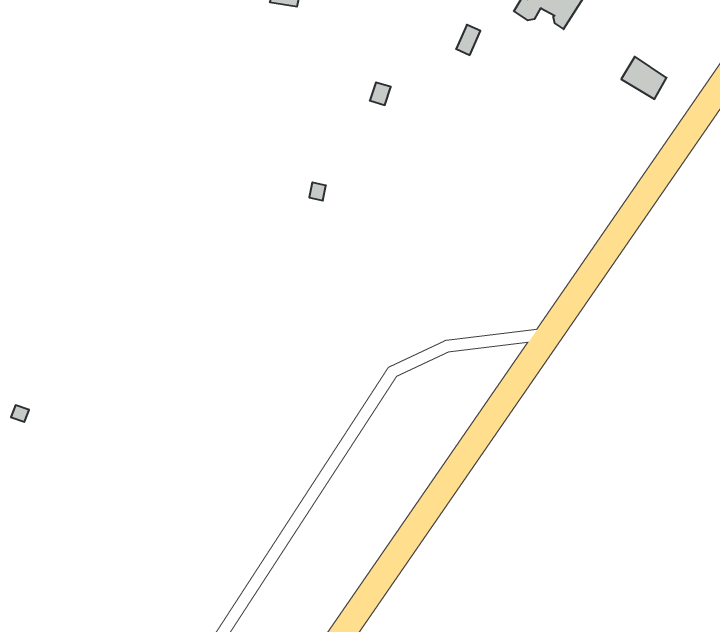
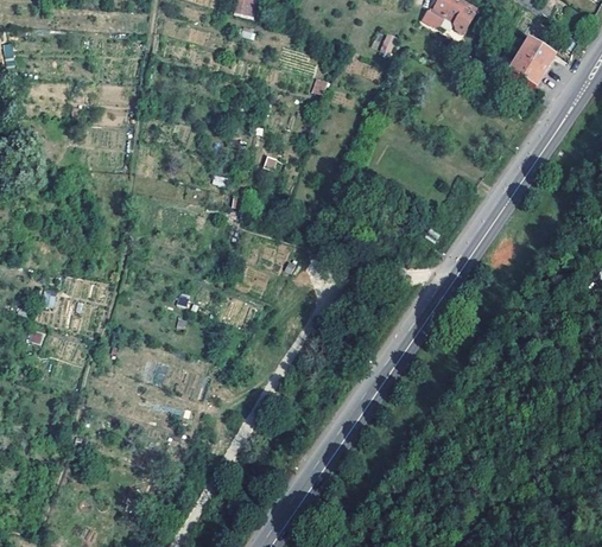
building: none -> [518,38,553,71]

